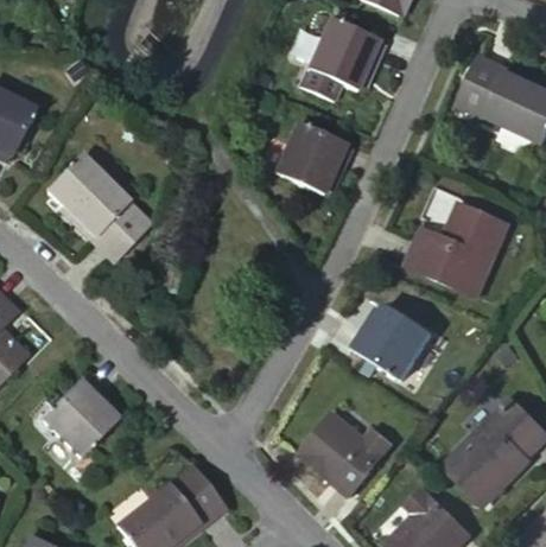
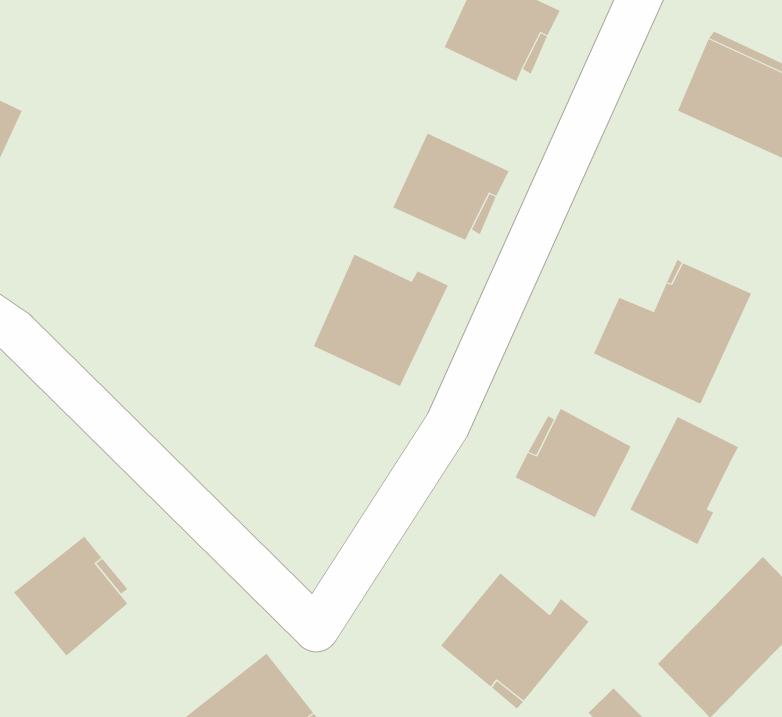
building: [46,159,152,263] -> none
building: none -> [313,254,448,387]
building: none -> [629,416,739,545]

